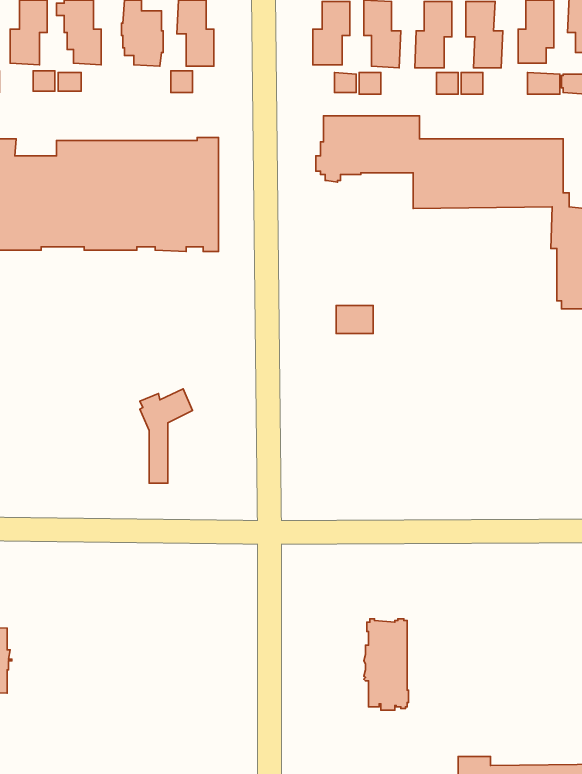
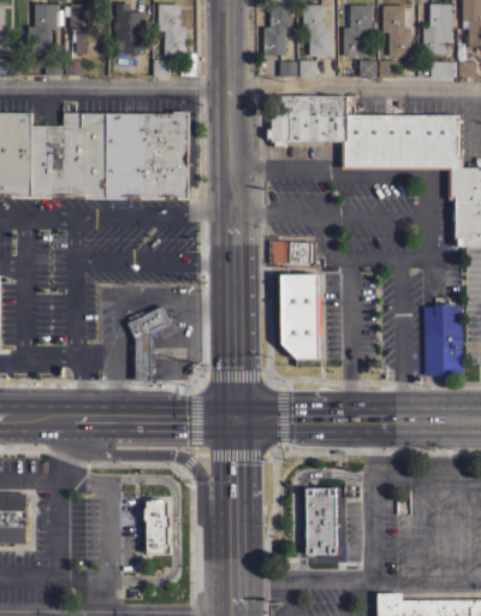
building: none -> [279,274,321,359]
building: none -> [423,306,462,375]
building: none -> [144,499,171,553]

